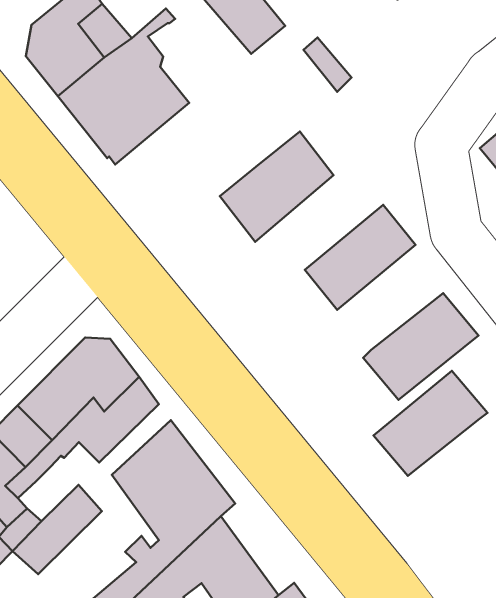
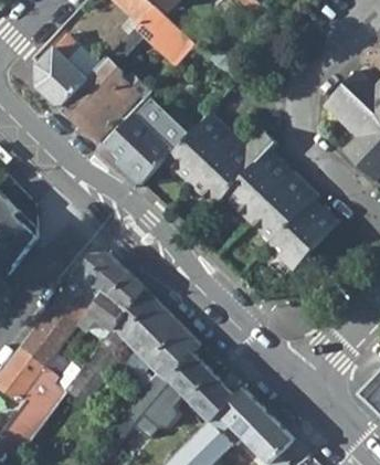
building: none -> [105,98,186,183]
building: none -> [191,127,275,203]
building: [374,371,487,476] -> [247,169,316,237]

